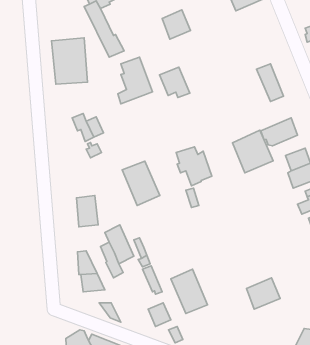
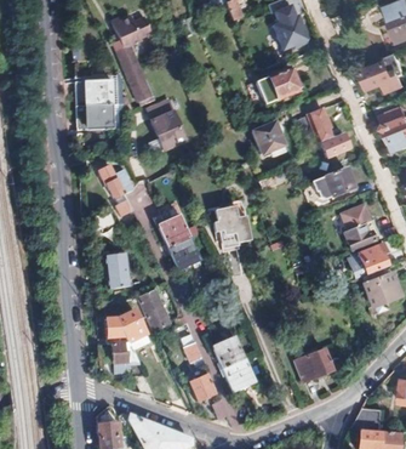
building: [162,10,190,39] -> [267,68,298,101]
building: [159,67,190,98] -> [248,125,282,159]
building: [232,130,273,173] -> none

